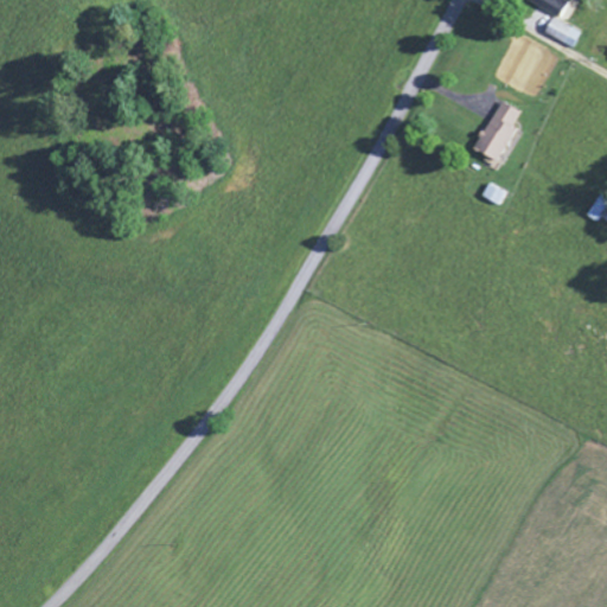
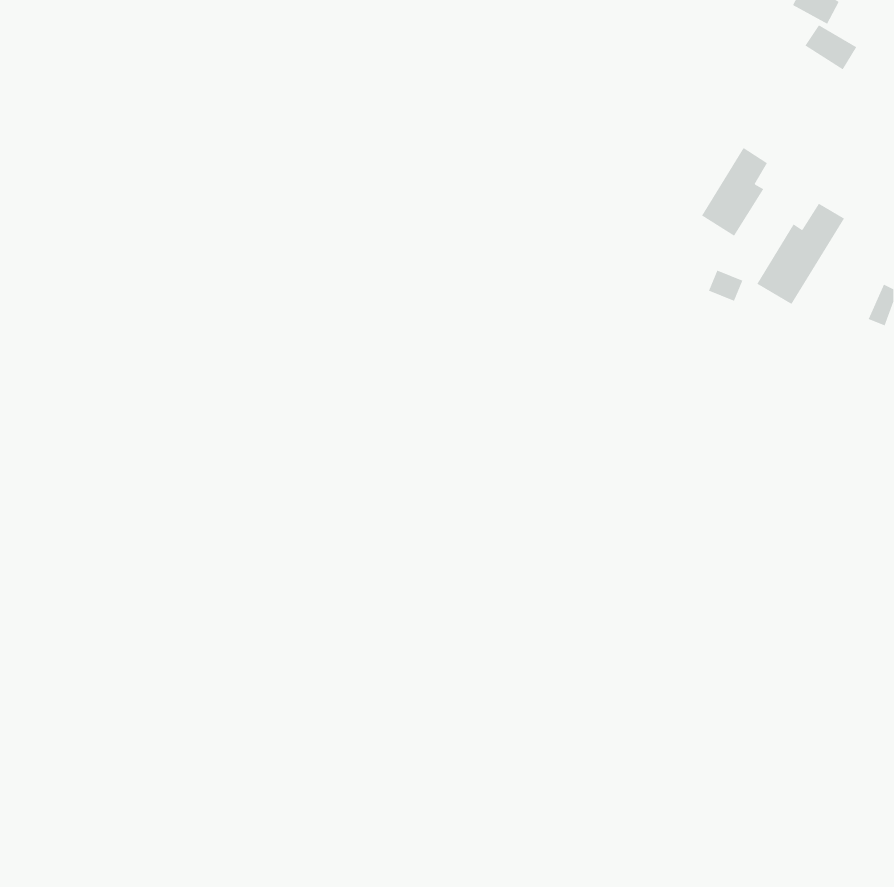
building: none -> [757,203,845,305]

